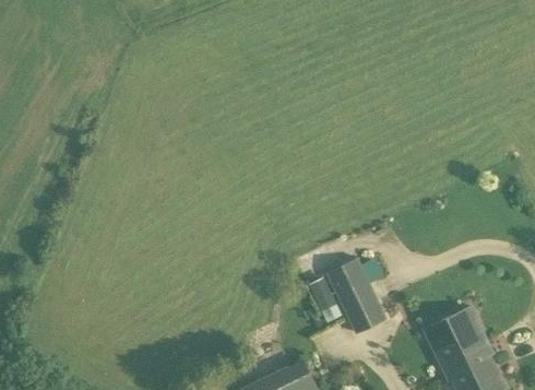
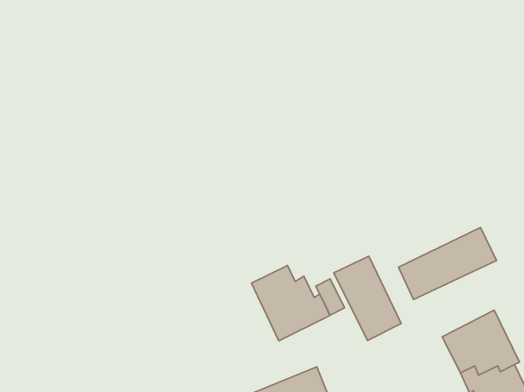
building: none -> [399,227,497,300]
building: none -> [251,266,330,341]

